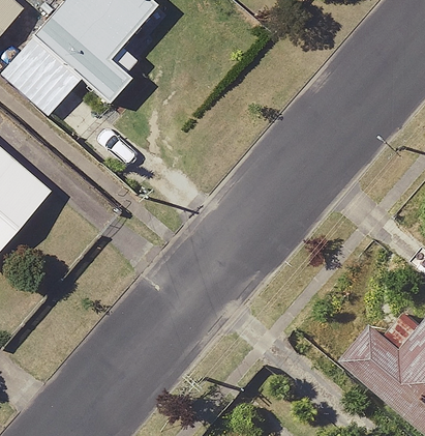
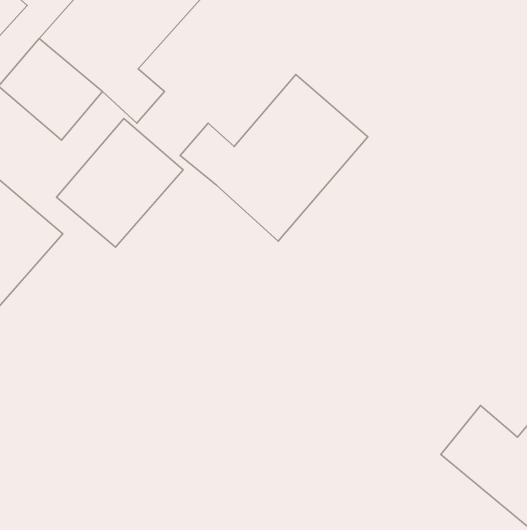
building: none -> [180,74,368,241]
building: none -> [57,119,183,247]

